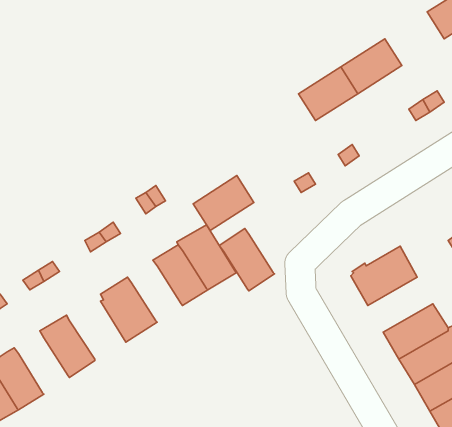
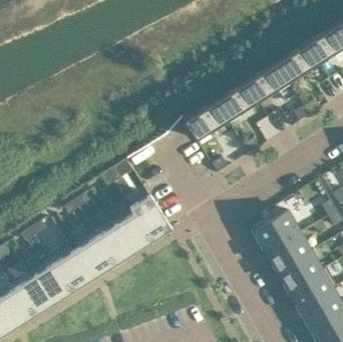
building: none -> [276,42,318,80]
building: [193,176,254,231] -> [184,100,227,139]
building: [219,229,274,291] -> [93,219,132,263]
building: none -> [264,231,310,270]
building: none -> [50,246,92,290]
building: none -> [13,269,52,314]

